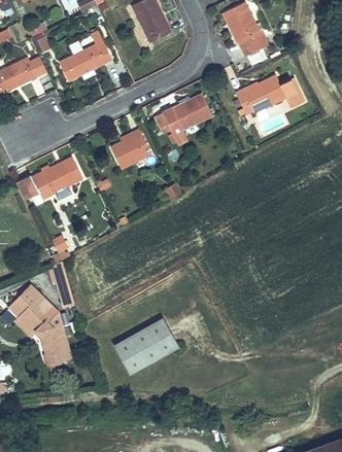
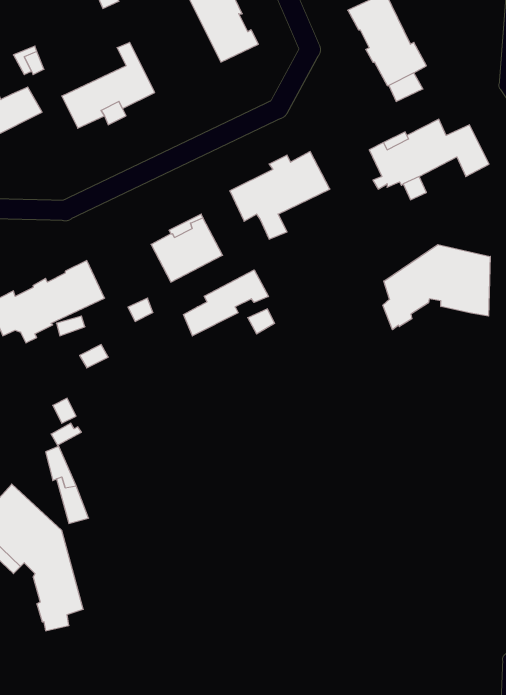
building: none -> [383,245,490,330]
building: none -> [183,270,268,336]
building: [113,318,178,374] -> none

